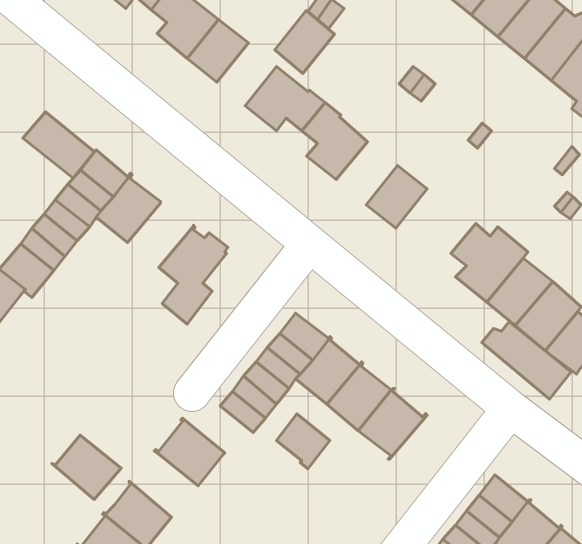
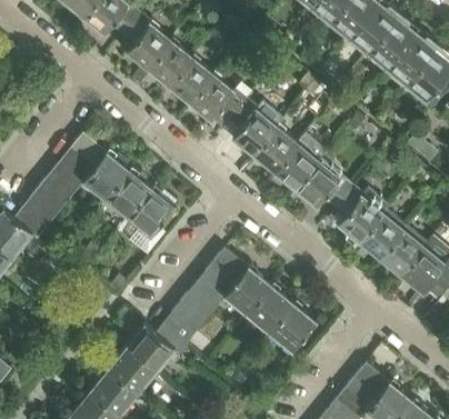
building: [275,11,334,73] -> [169,59,211,103]
building: [23,112,94,178] -> none
building: none -> [253,129,297,173]
building: none -> [296,162,352,208]
building: none -> [106,170,151,218]
building: [482,321,571,399] -> none
building: [277,414,330,469] -> [157,316,194,355]
building: [52,435,121,500] -> [107,349,156,395]

